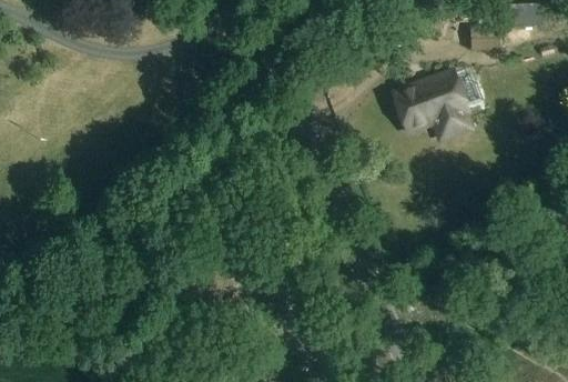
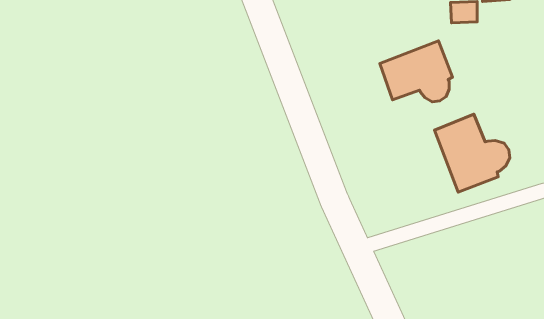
building: none -> [434,114,510,192]

